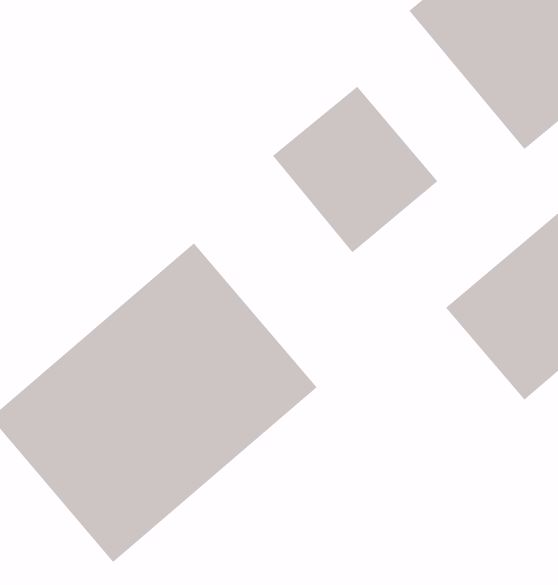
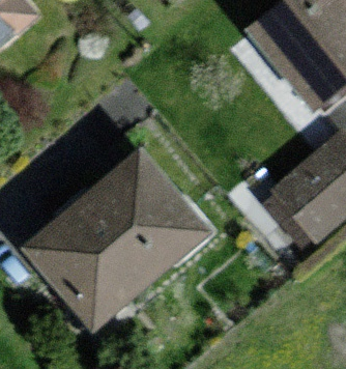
building: [272,86,438,253] -> none

